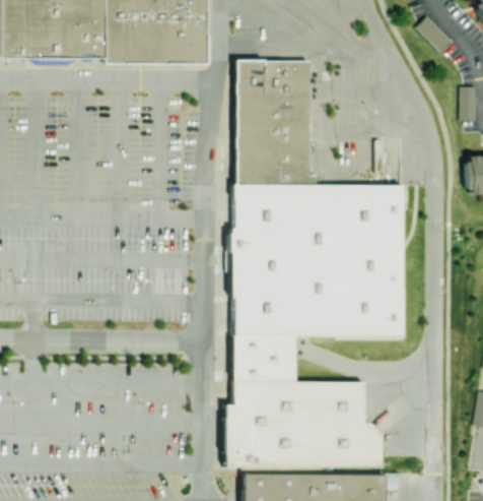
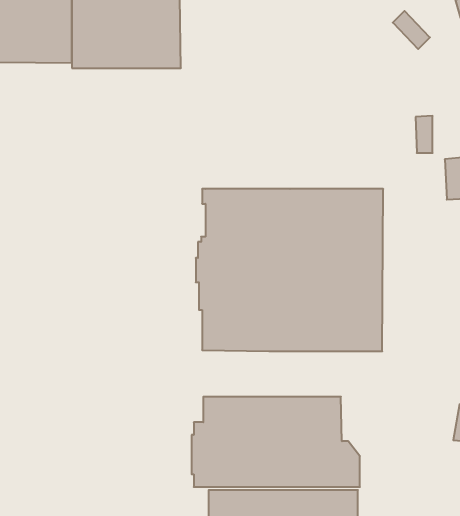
building: [235,58,317,184] -> none
building: [459,83,475,119] -> [416,116,433,153]
building: [232,338,296,383] -> none

